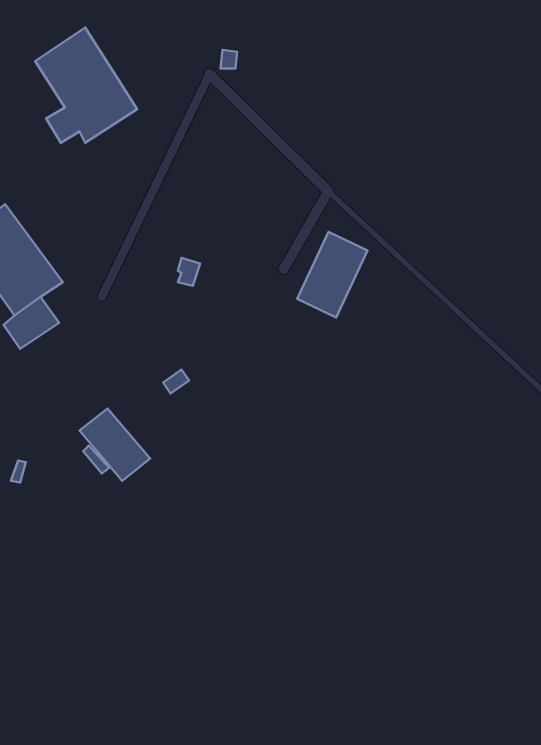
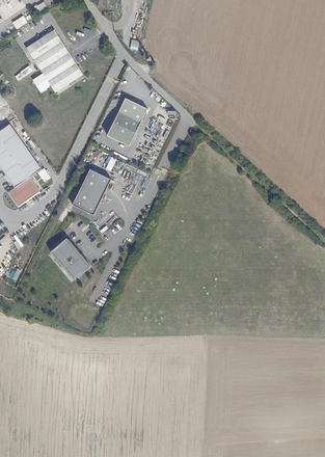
building: [297,232,368,317] -> [107,97,146,144]
building: none -> [72,168,110,214]

